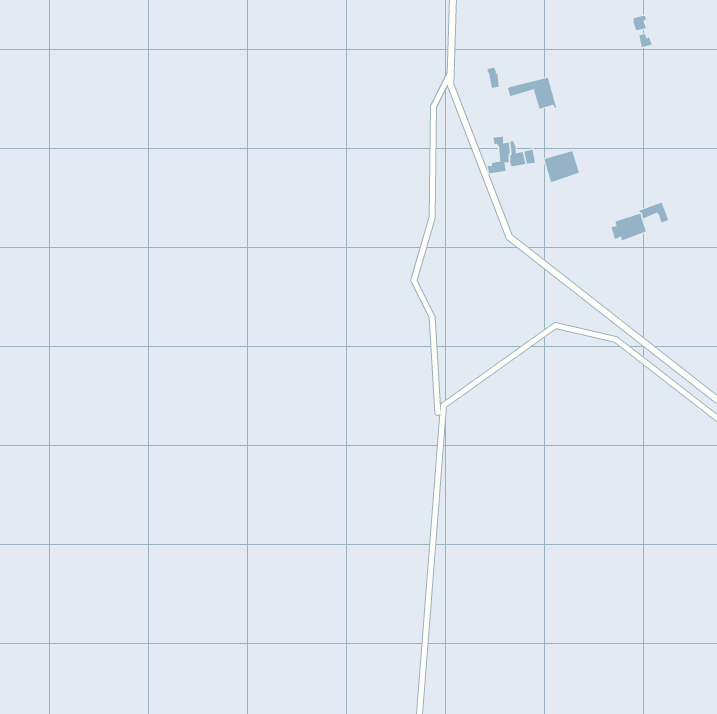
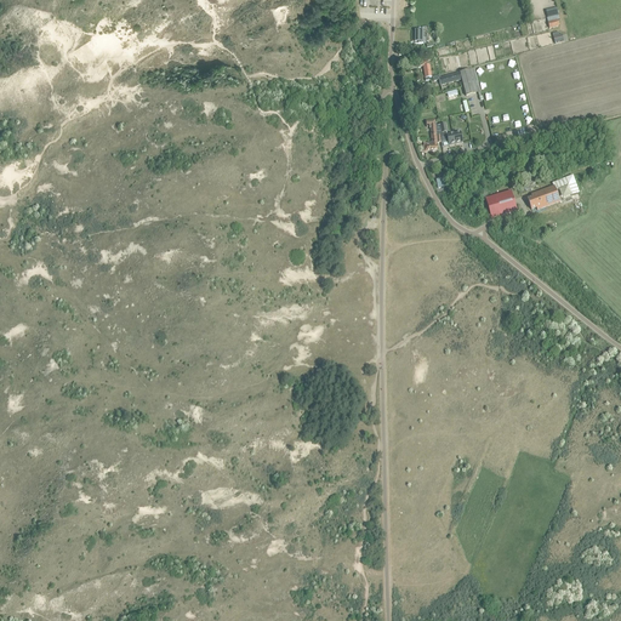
building: [543,150,580,183] -> [485,189,517,217]

